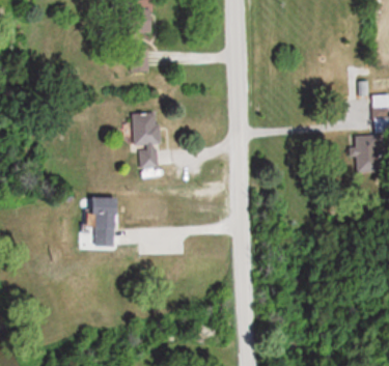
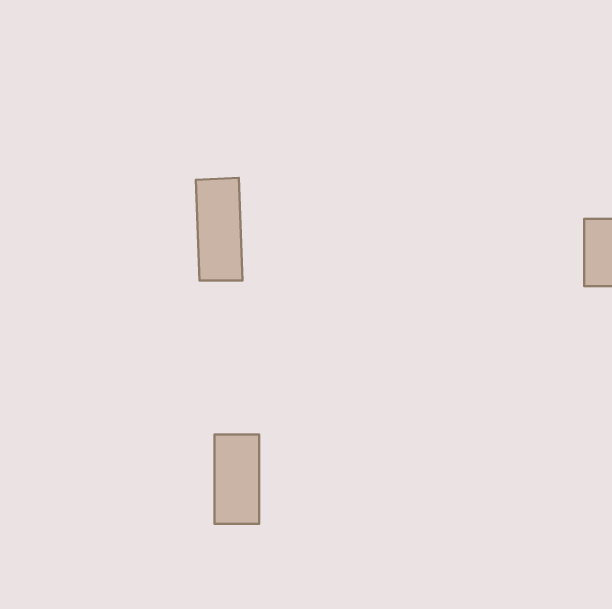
building: [94,199,119,249] -> [215,434,259,524]

